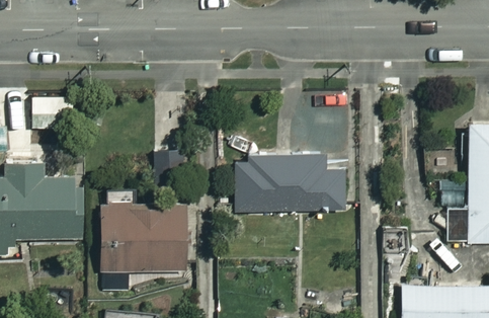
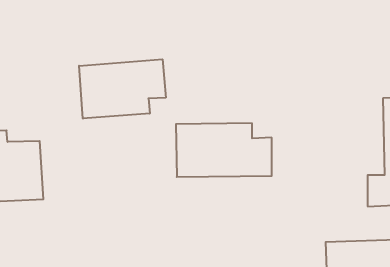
building: none -> [79,59,166,119]
building: [98,189,186,295] -> none

